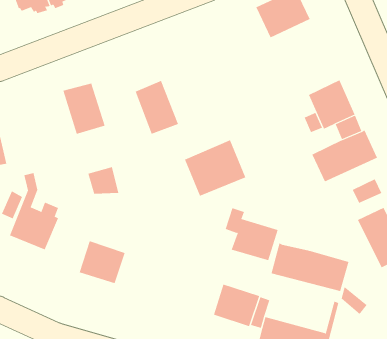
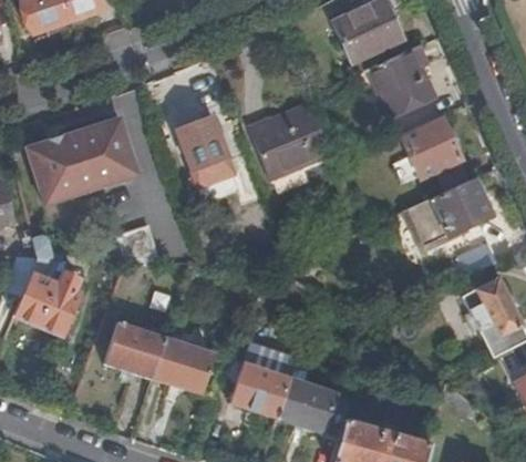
building: none -> [370,47,434,115]
building: none -> [30,130,103,203]
building: [184,140,246,196] -> [252,105,332,178]
building: [225,208,278,261] -> [223,349,291,418]
building: [271,243,349,292] -> none
building: none -> [153,338,214,393]

